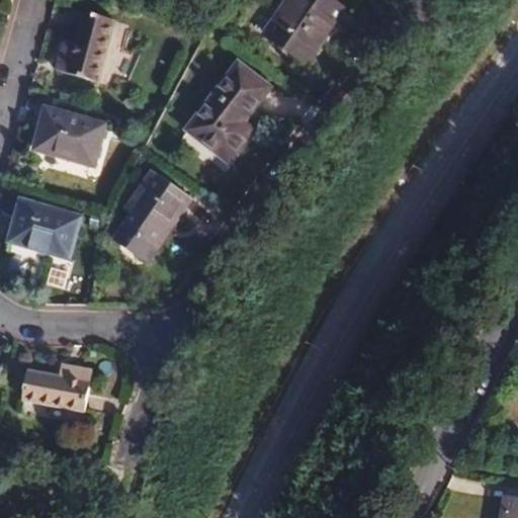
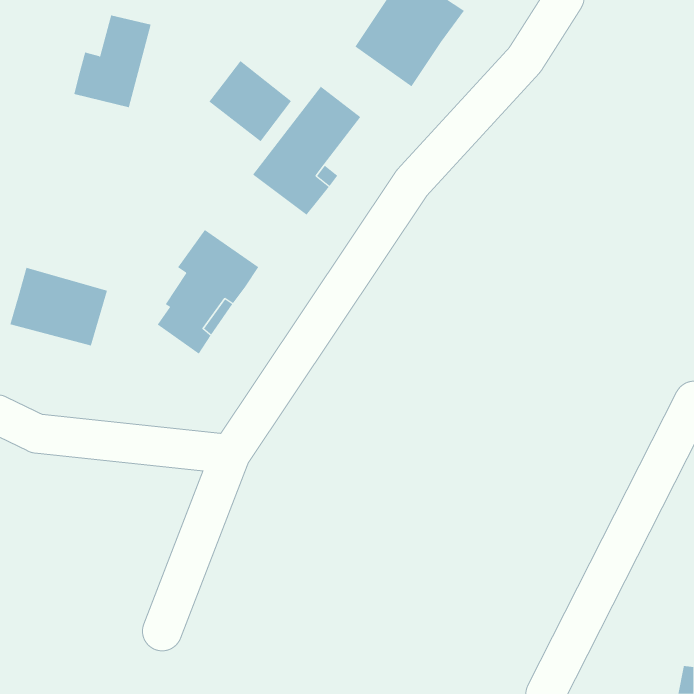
building: none -> [208,60,292,142]
building: [31,106,104,165] -> none
building: [21,363,91,411] -> none

